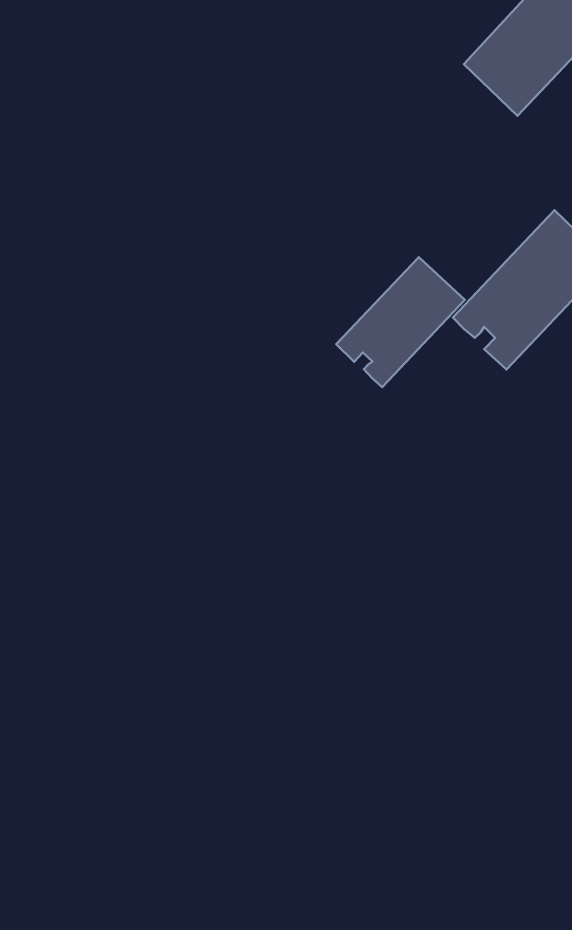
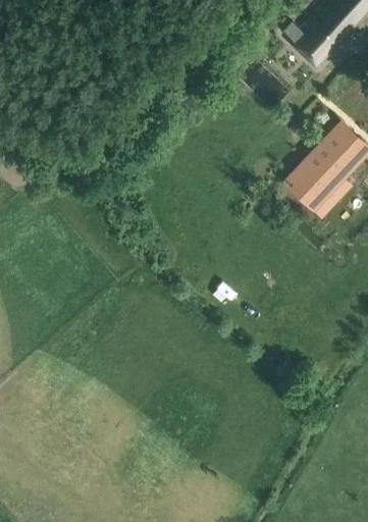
building: [336,257,465,387] -> none

